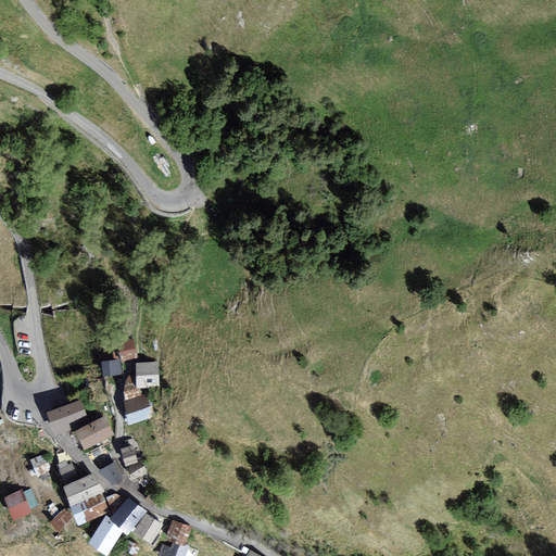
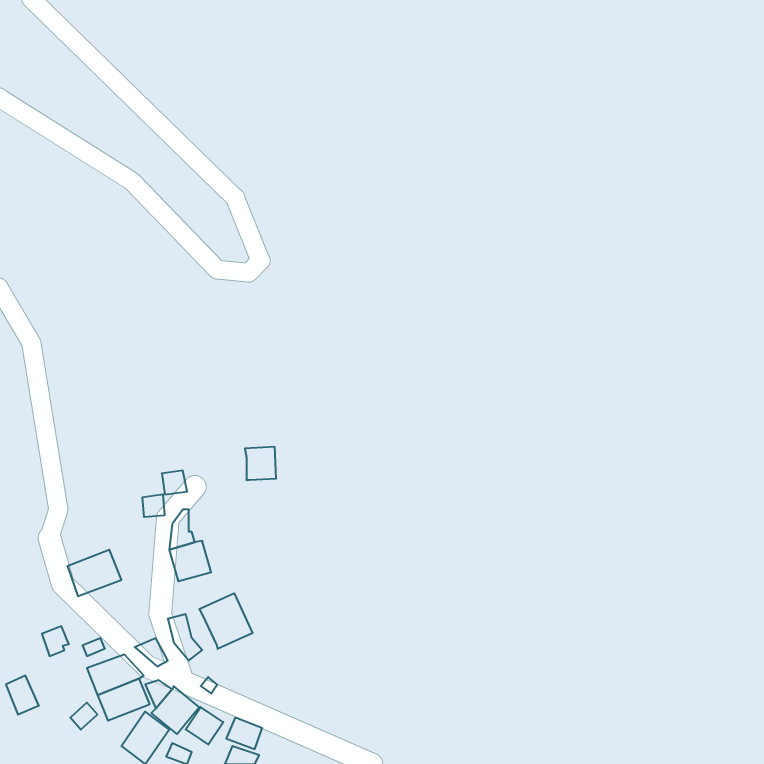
building: [136,362,159,386] -> [245,447,276,480]
building: [77,417,110,445] -> none
building: none -> [199,593,252,649]

